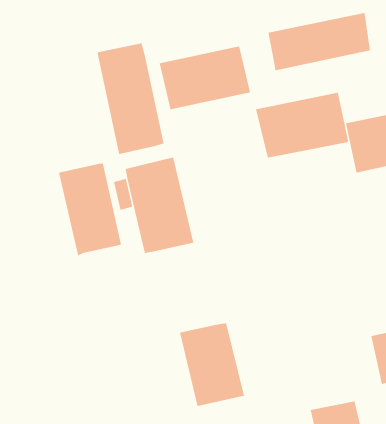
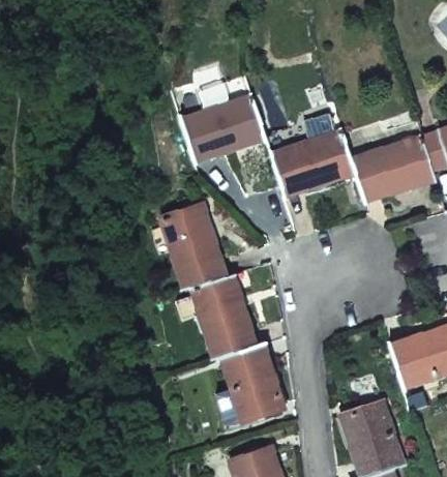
building: [268,12,371,71] -> none
building: [97,43,164,155] -> none
building: [58,163,122,256] -> [192,274,255,359]

